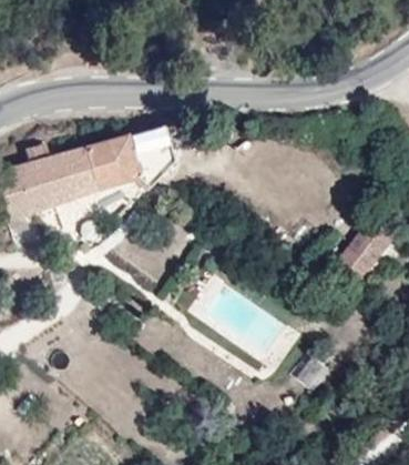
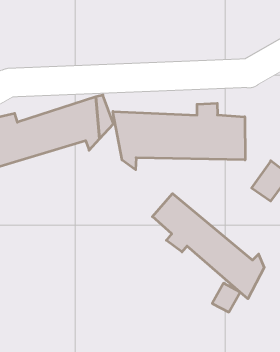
building: none -> [113,103,245,170]
building: none -> [152,194,264,299]

